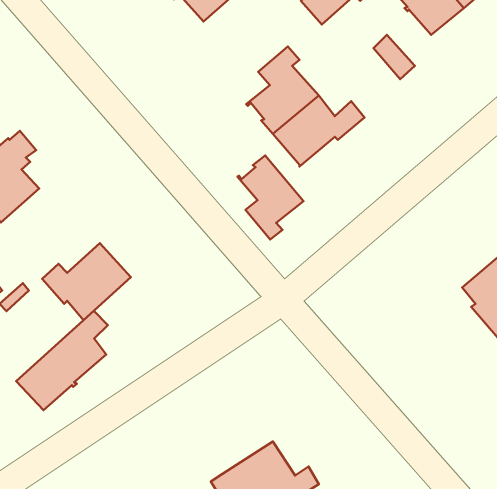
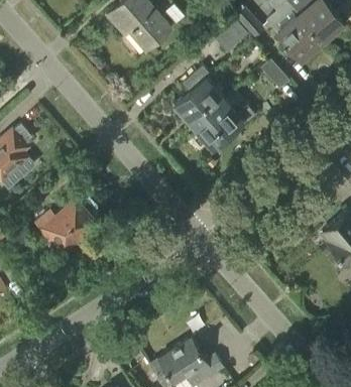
building: [238,156,304,240] -> none
building: [16,311,108,410] -> none

